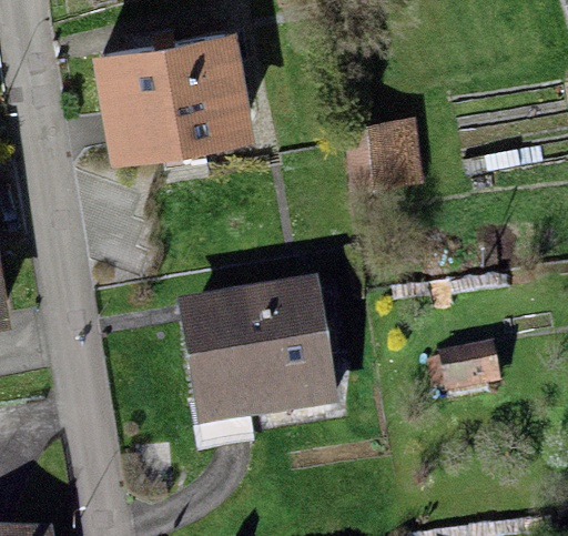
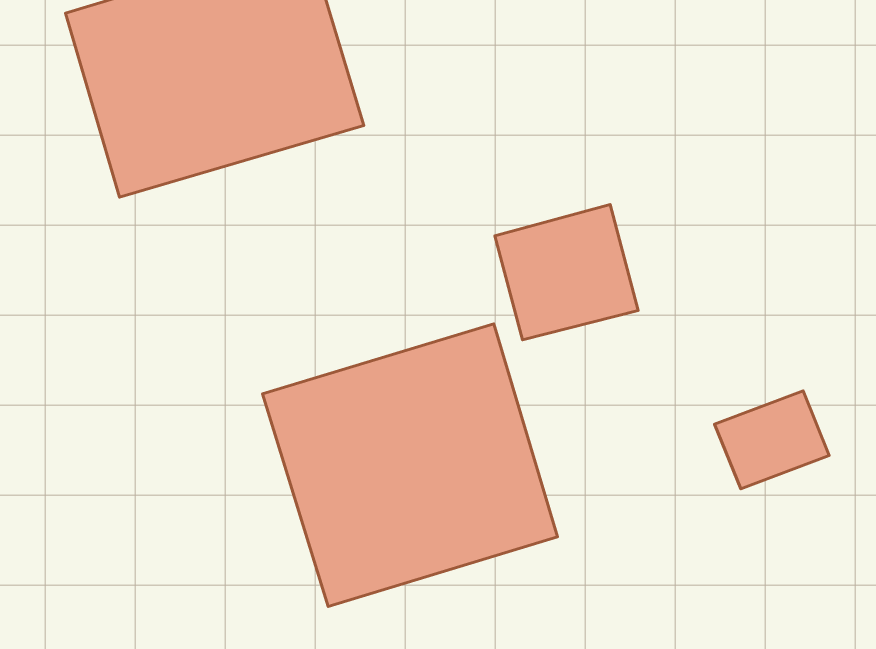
building: [346,118,424,190] -> [495,205,638,340]

